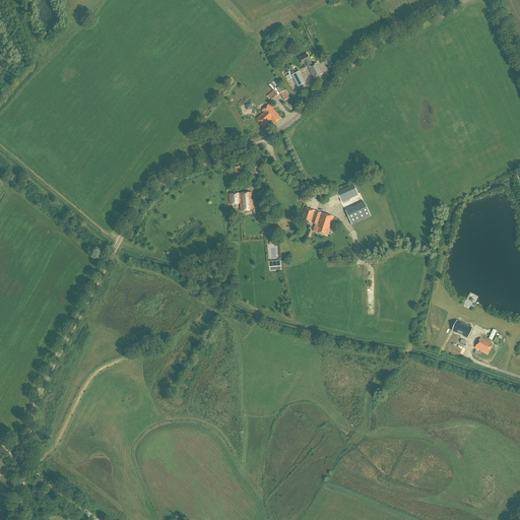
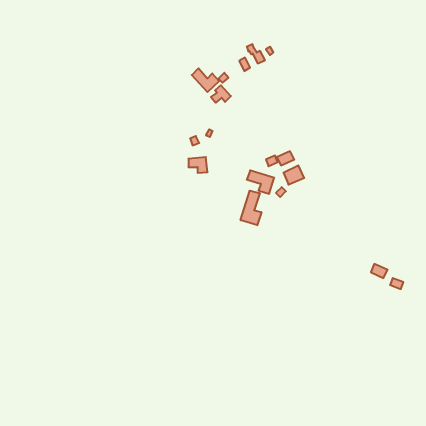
building: none -> [192,68,219,92]
building: none -> [241,191,261,225]

